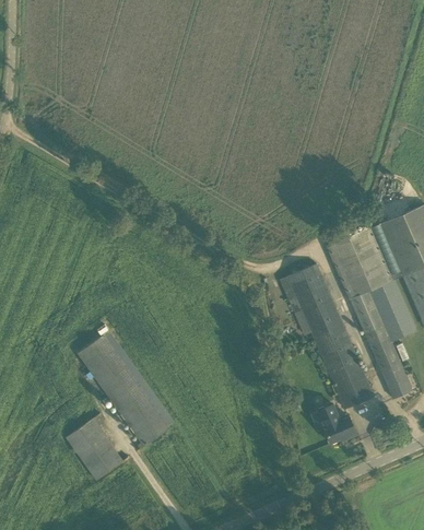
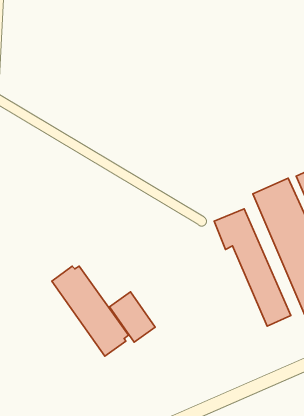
building: [310,404,356,443] -> none
building: [66,417,122,480] -> [109,292,155,342]

